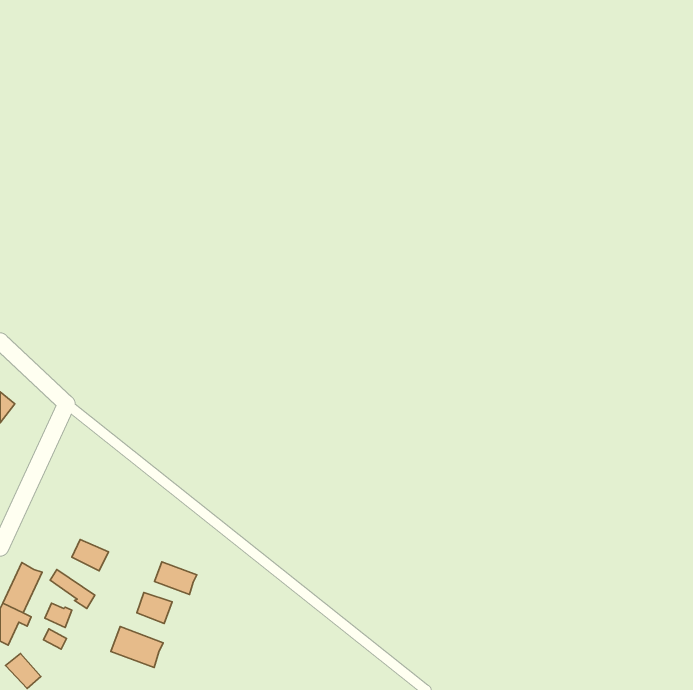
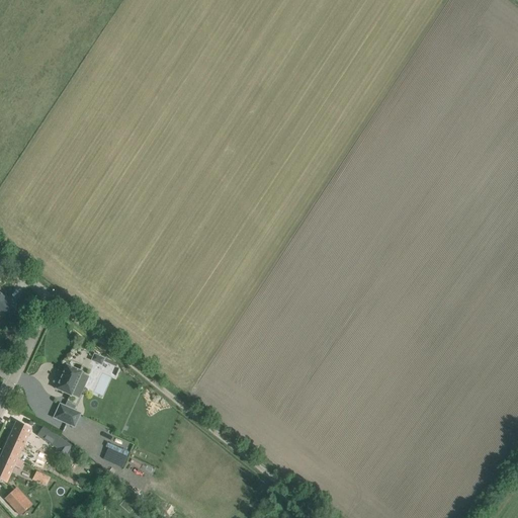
building: none -> [56,363,88,396]
building: [154,562,197,595] -> none
building: [111,627,163,668] -> none

